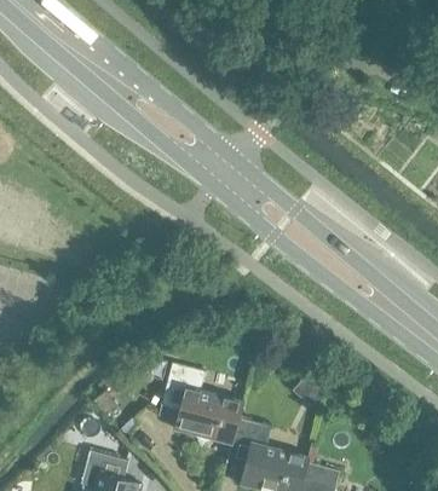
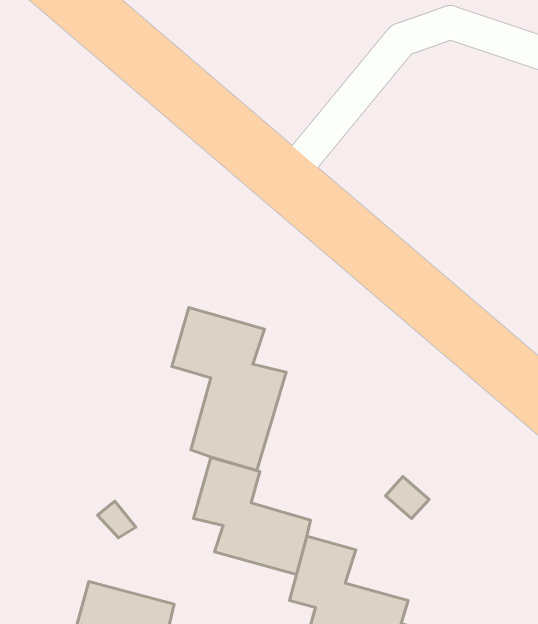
building: none -> [172,308,286,471]

